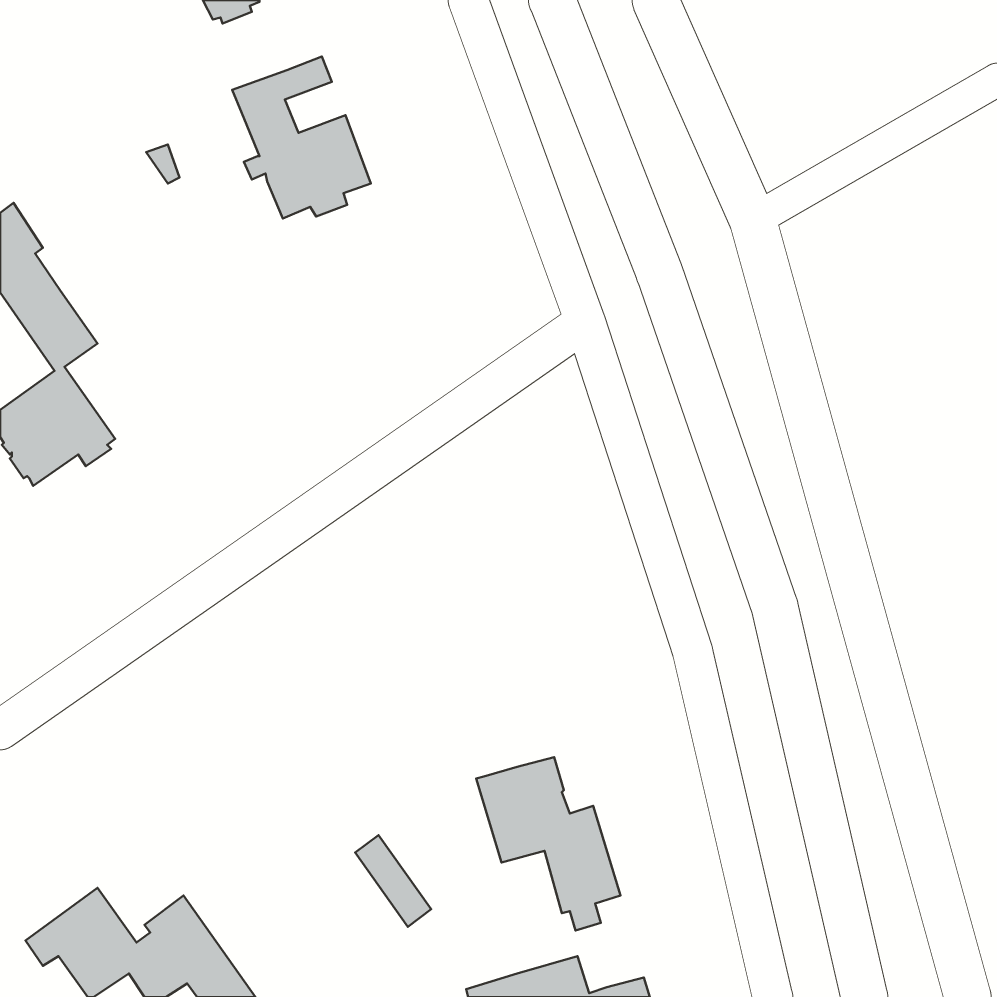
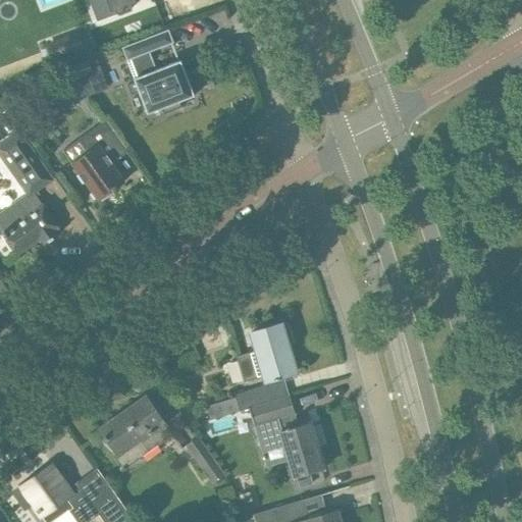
building: none -> [72,119,128,200]
building: none -> [238,323,296,381]
building: none -> [206,380,290,419]
building: none -> [101,397,174,456]

